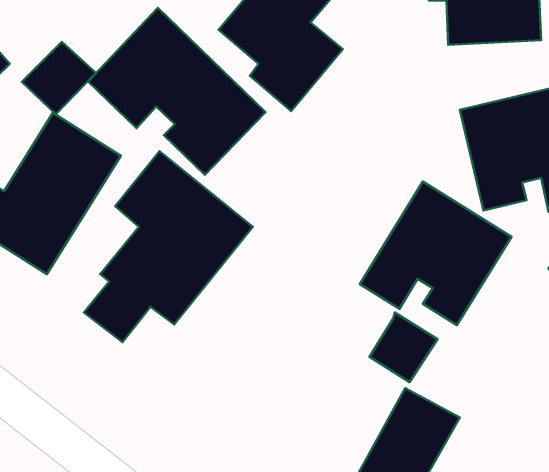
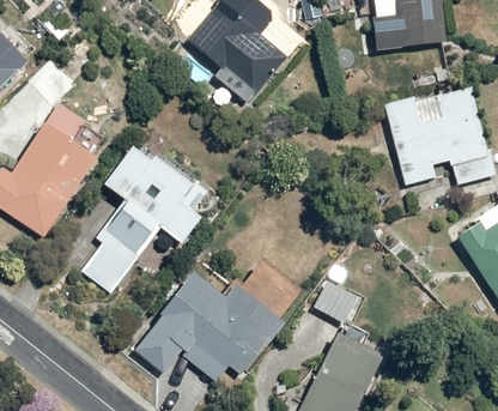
building: [88,8,265,175] -> none
building: [360,181,512,325] -> none
building: none -> [130,266,289,386]

